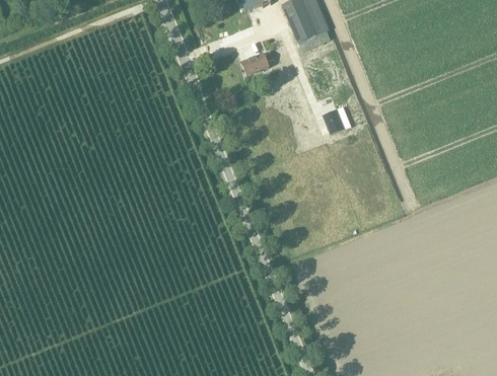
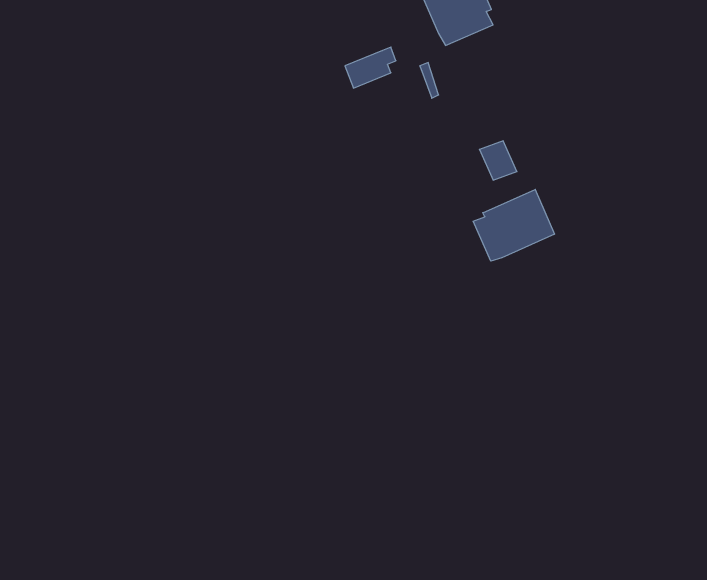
building: none -> [473,189,554,261]

